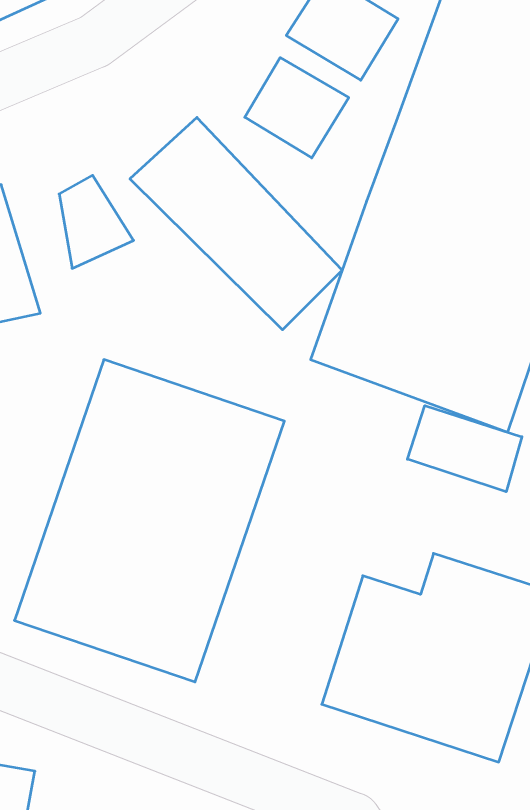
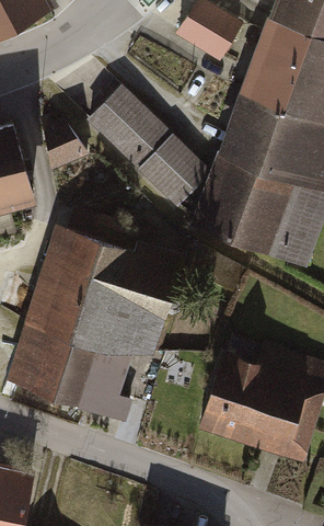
building: [245,58,349,158] -> none
building: [407,406,522,492] -> none

